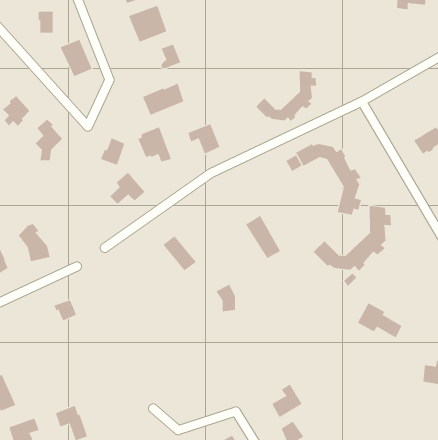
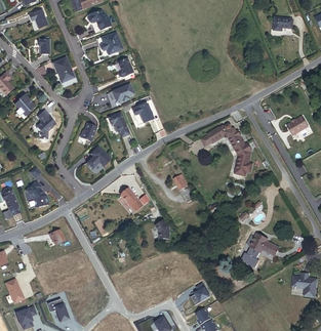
building: [255,70,317,122] -> none
building: [313,205,391,271] -> none

